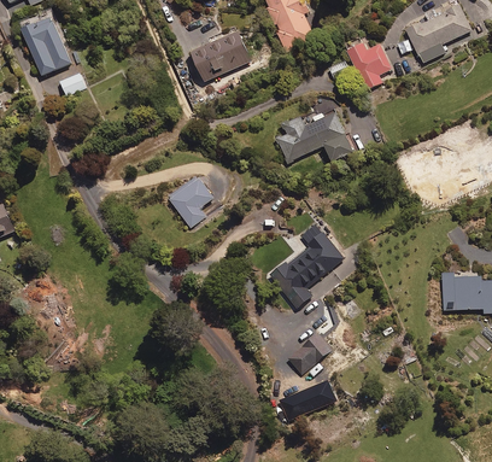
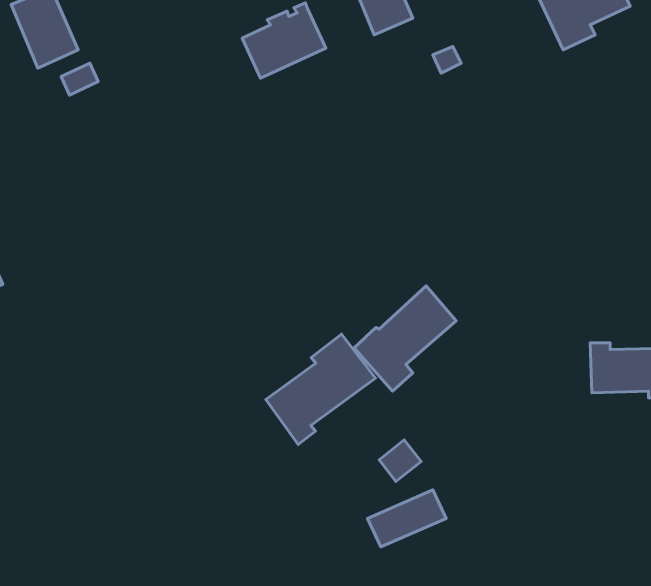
building: [346,43,391,89] -> none
building: [276,109,351,163] -> none
building: [169,176,213,226] -> none
building: none -> [266,334,375,444]

